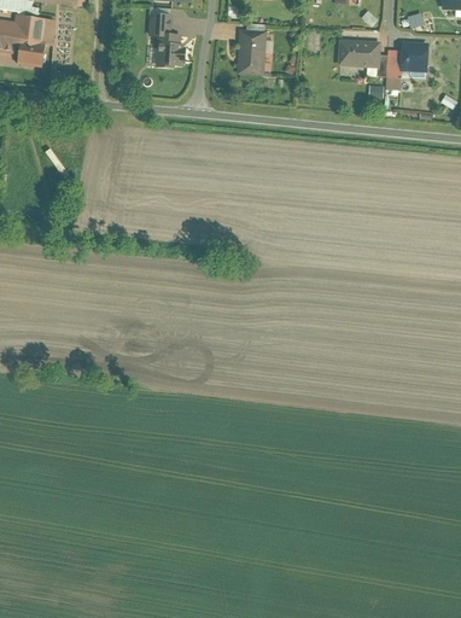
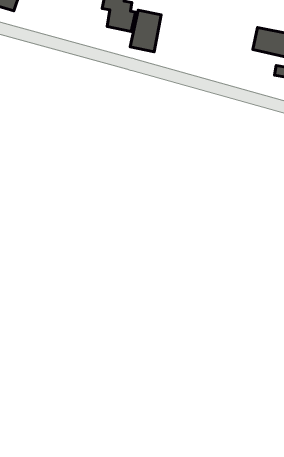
building: [235,28,267,75] -> [130,10,161,52]

